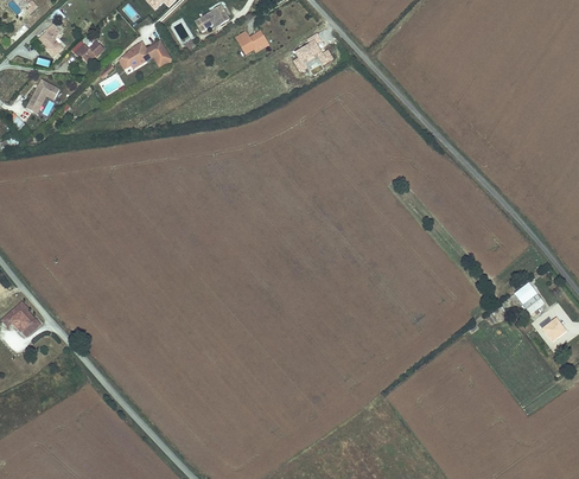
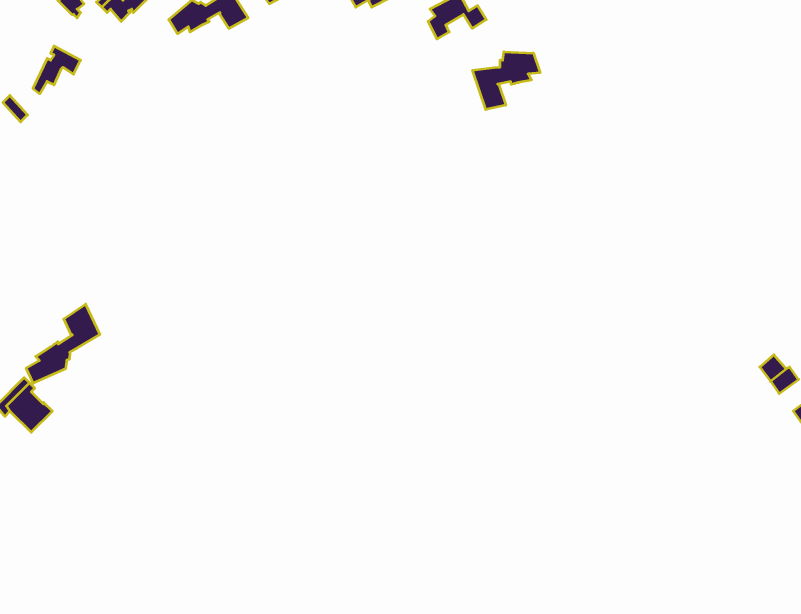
building: none -> [473,52,540,110]
building: none -> [26,304,100,383]

